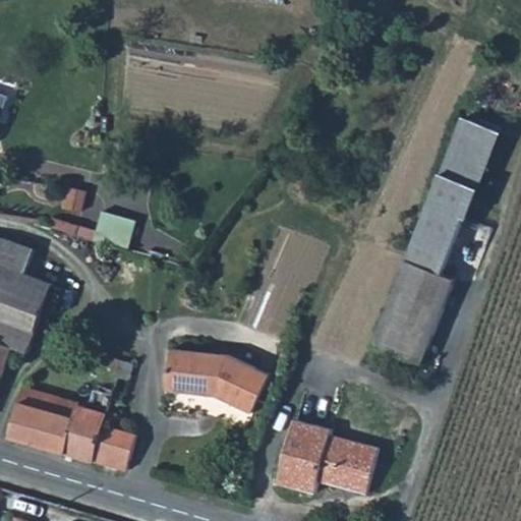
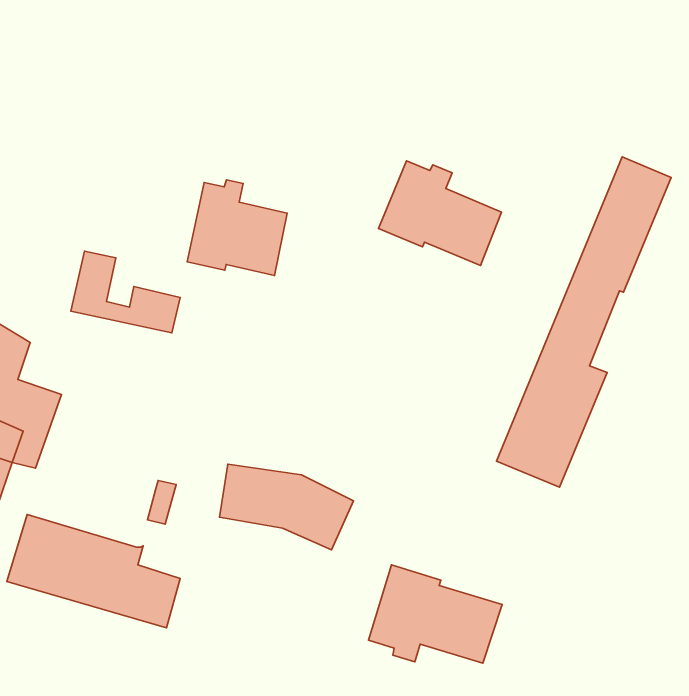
building: none -> [379,161,502,265]
building: none -> [187,180,287,275]

